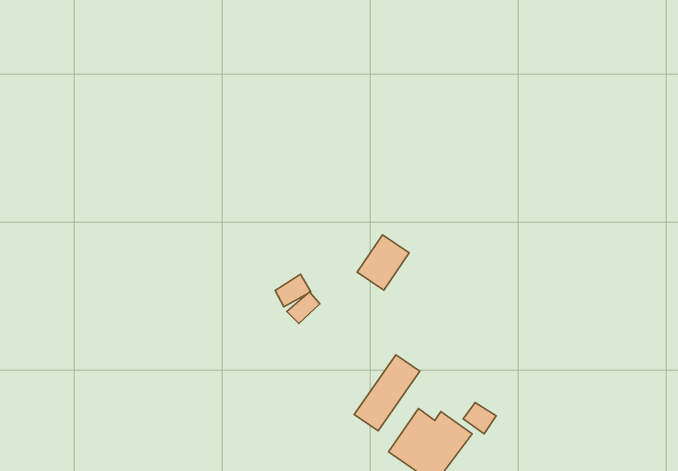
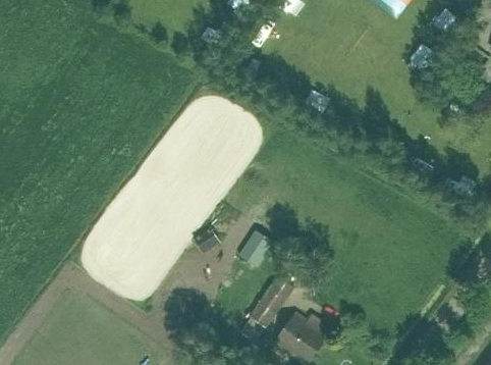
building: [357,235,409,290] -> [238,228,274,266]

